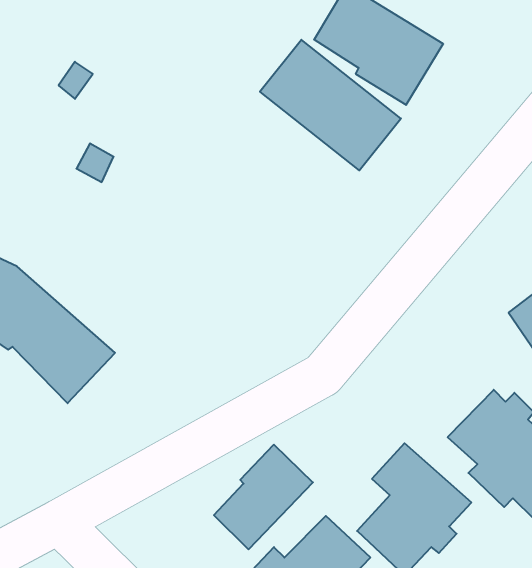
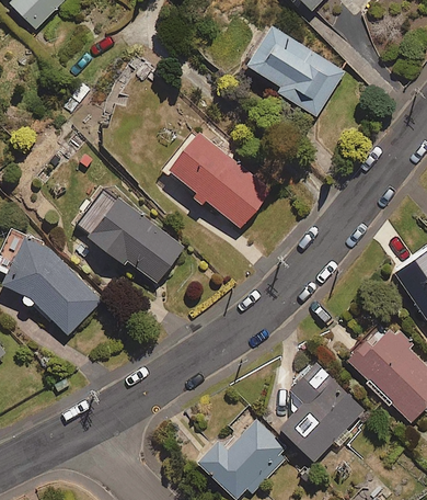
building: [260,40,401,170] -> [162,129,266,226]
building: none -> [78,195,184,283]
building: [214,445,313,549] -> none

